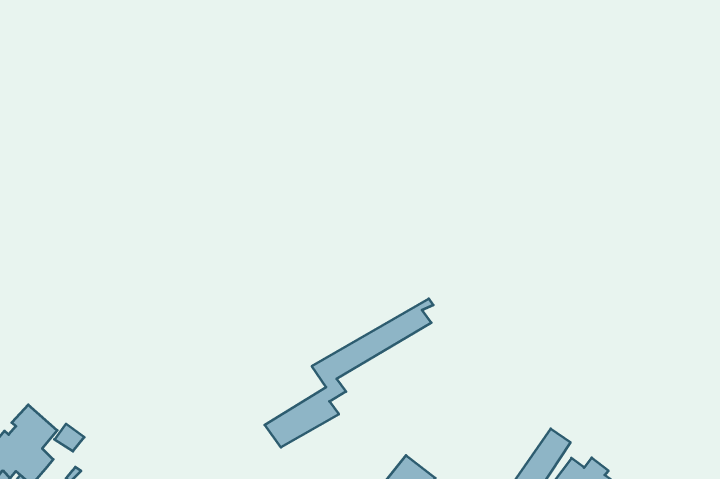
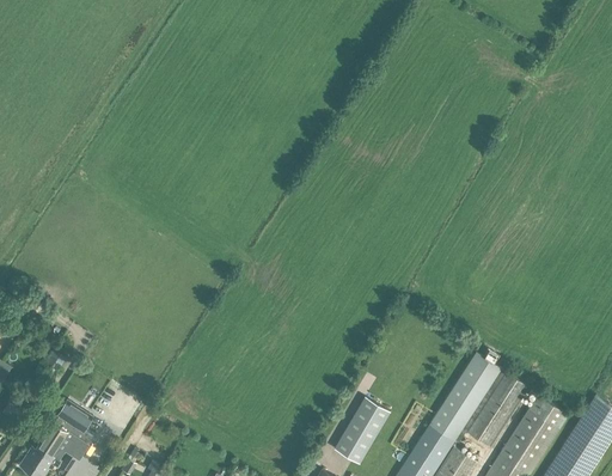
building: [265,299,433,447] -> none

